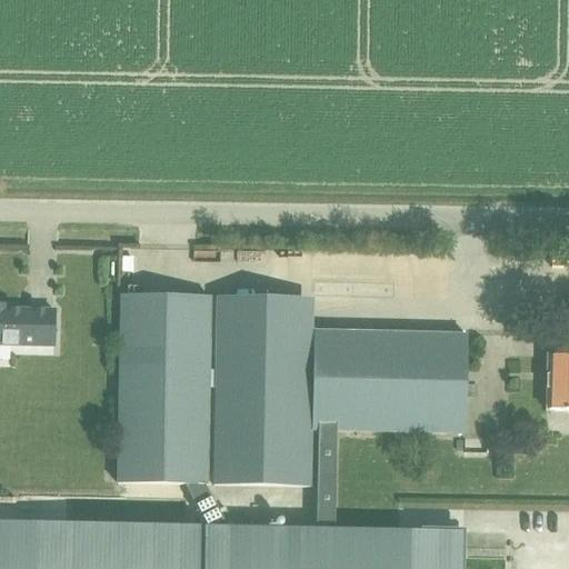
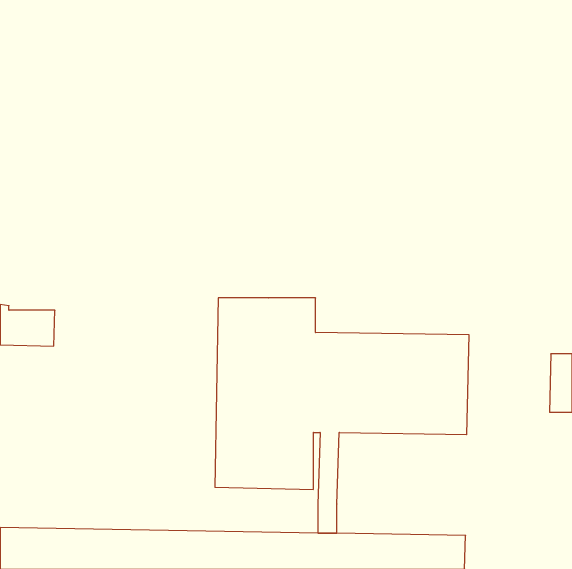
building: [118,293,210,483] -> none

